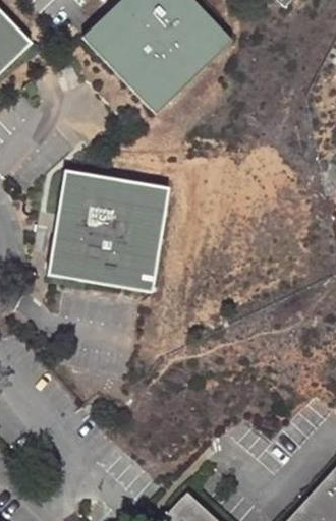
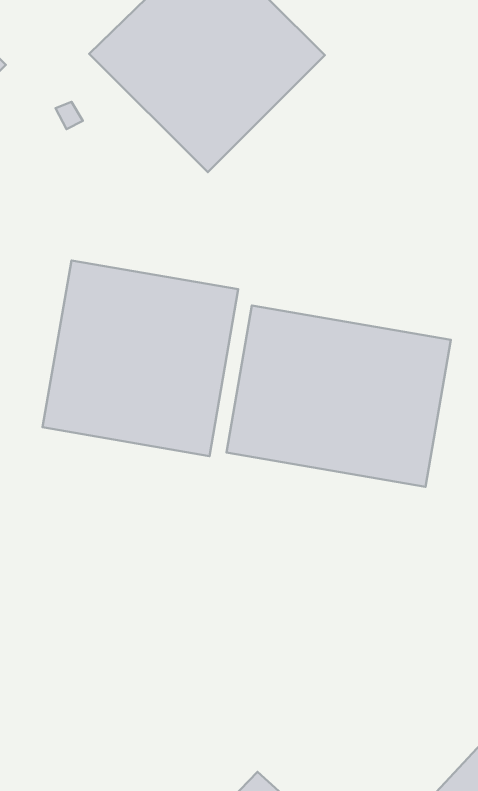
building: none -> [227,306,451,487]

